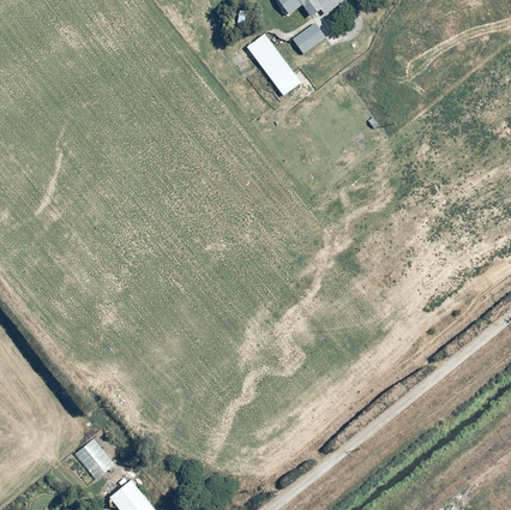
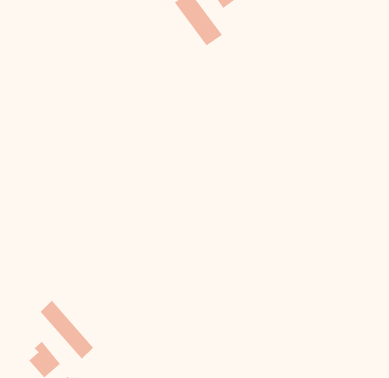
building: none -> [40,300,94,360]

